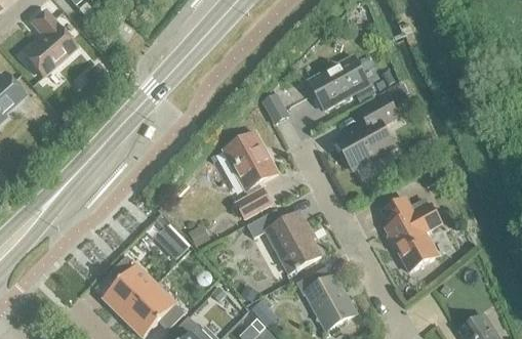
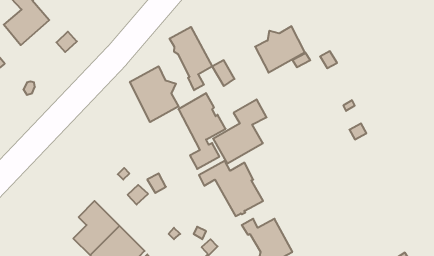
building: none -> [170,27,212,90]
building: [336,94,398,168] -> [213,99,267,164]
building: none -> [130,66,179,122]
building: [382,197,441,269] -> none

